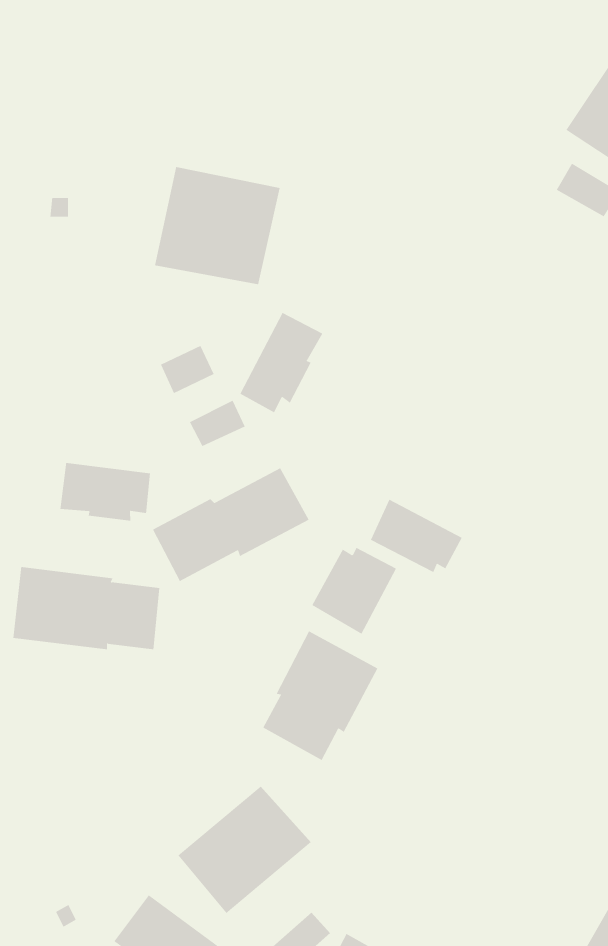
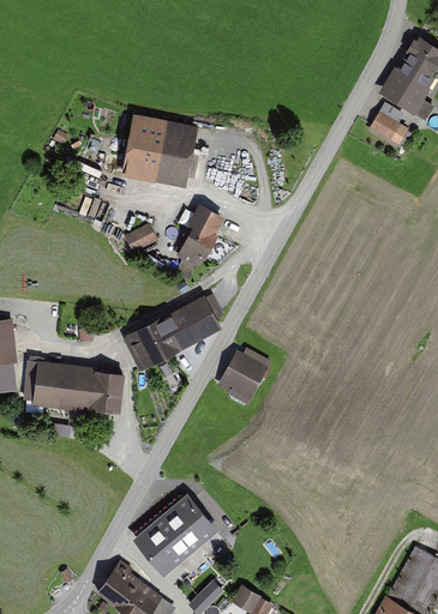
building: [189,400,246,447] -> none
building: [60,462,151,521] -> none
building: [370,499,463,573] -> none
building: [263,631,378,761] -> none

